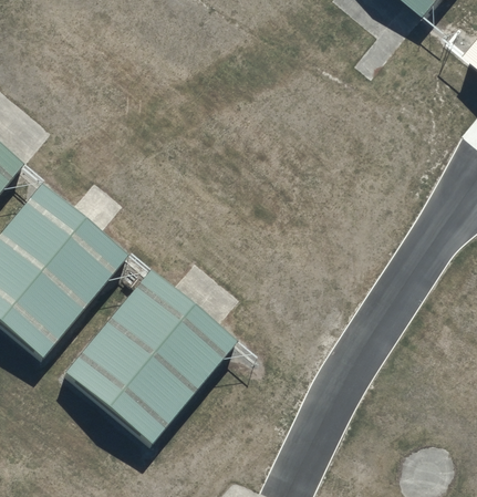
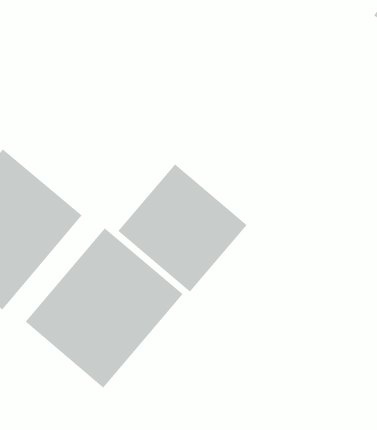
building: none -> [118,163,248,293]

